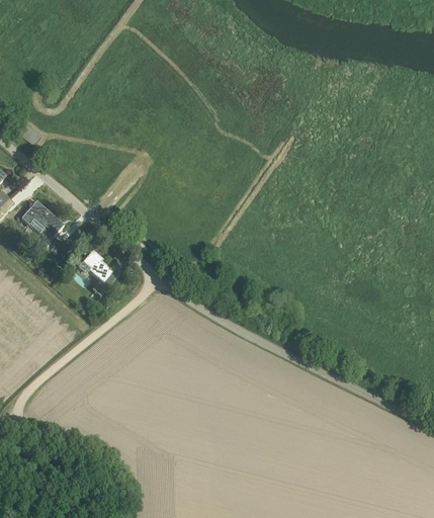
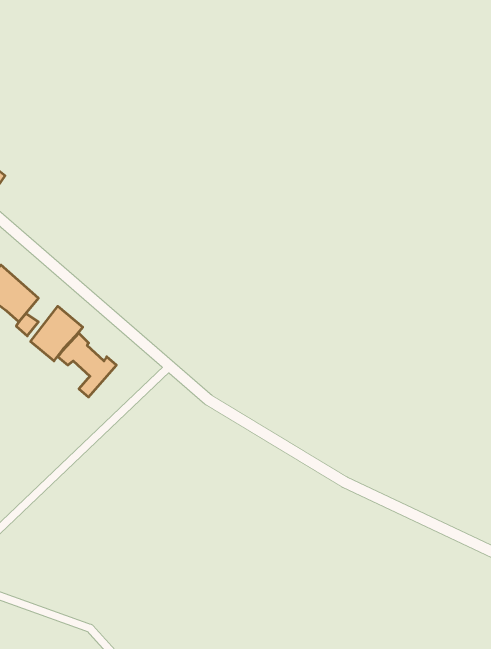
building: none -> [31,306,83,361]

